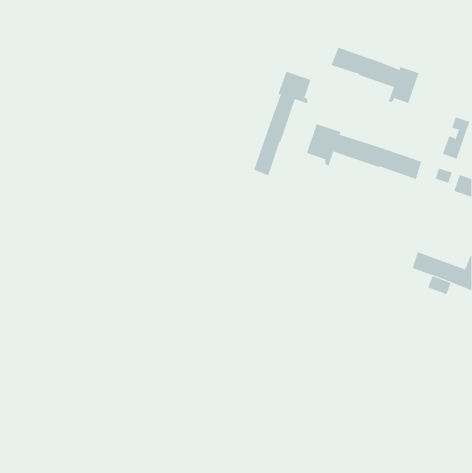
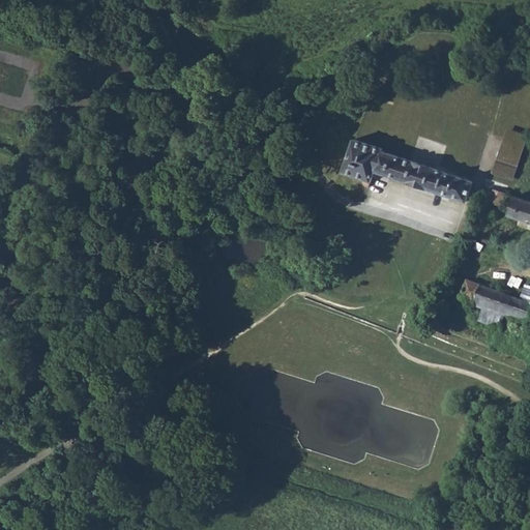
building: [331,47,419,104] -> none
building: [253,71,311,176] -> none

